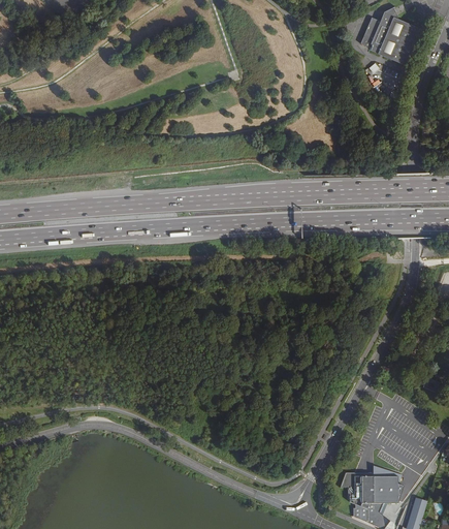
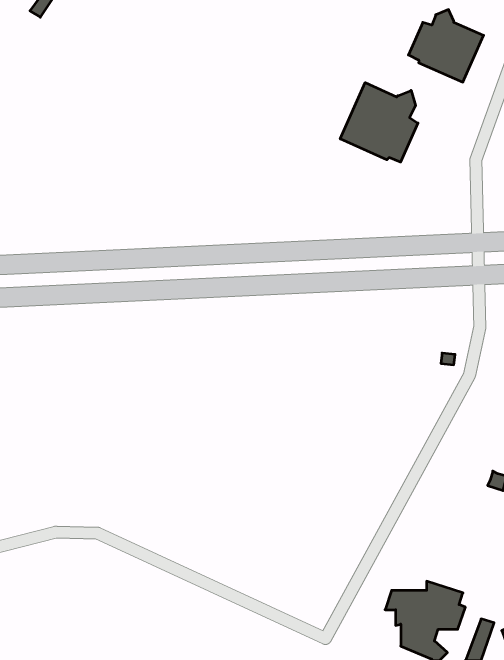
building: none -> [340,83,418,162]

